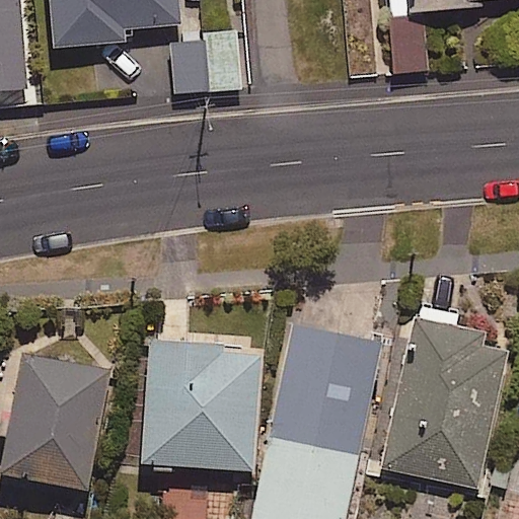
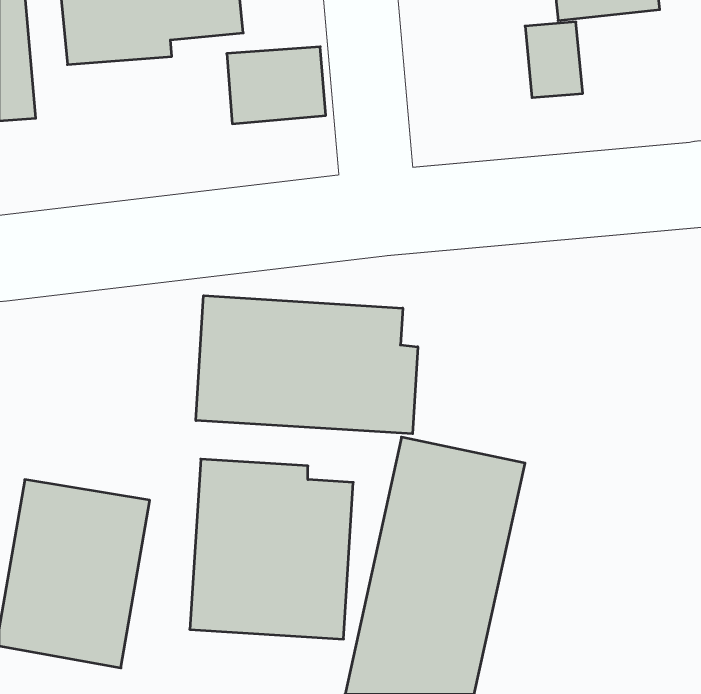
building: none -> [196,296,418,434]
building: [378,315,510,491] -> none

